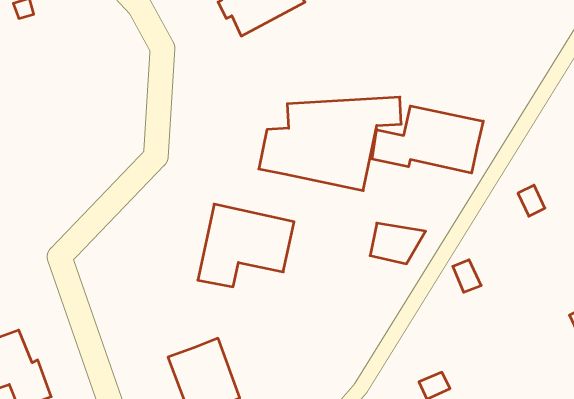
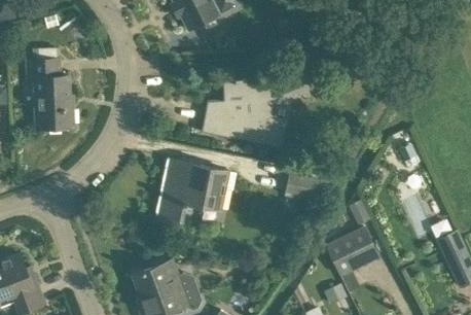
building: none -> [27,58,73,128]
building: [372,106,483,173] -> none
building: none -> [325,227,381,278]

